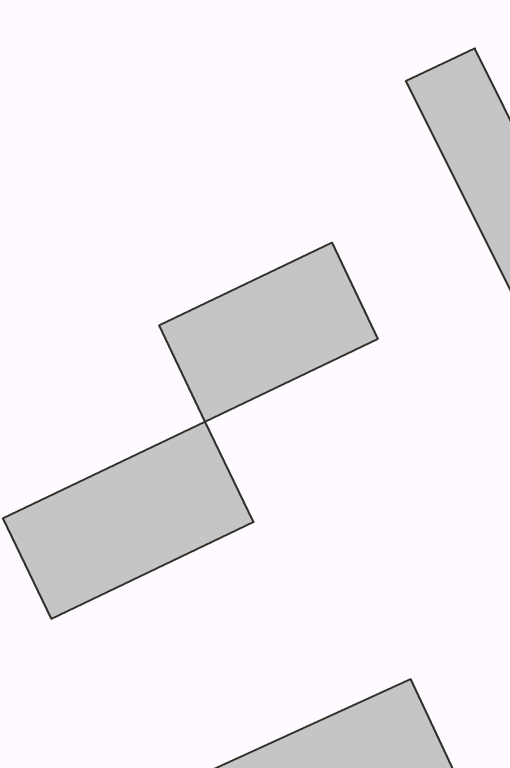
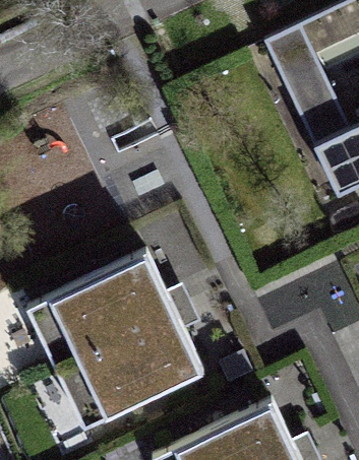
building: [159,243,378,422] -> none
building: none -> [59,311,207,428]

